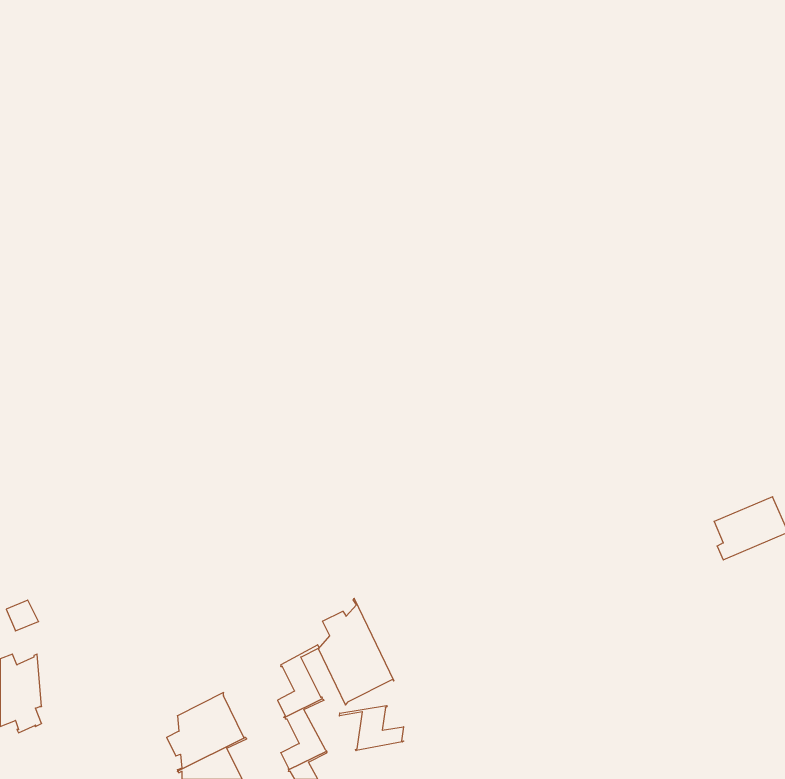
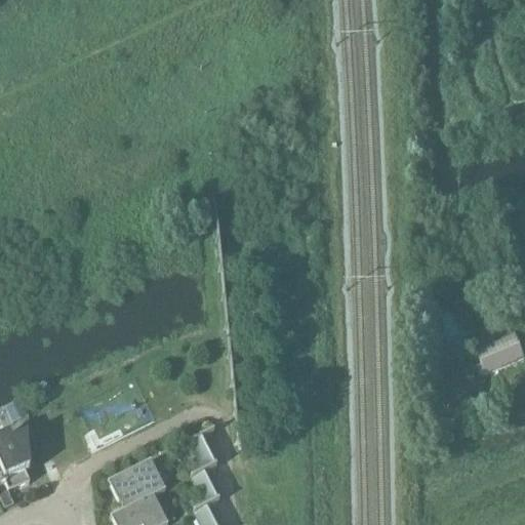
building: [318,598,394,705] -> none
building: [339,706,404,751] -> none

